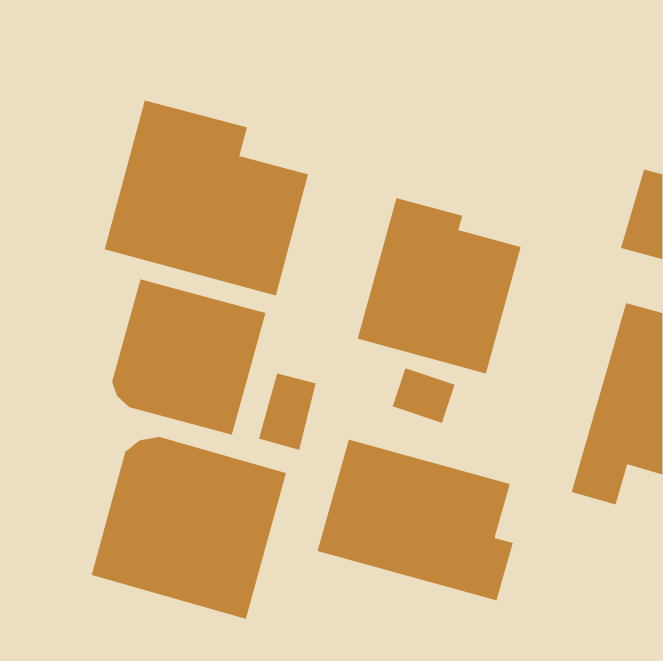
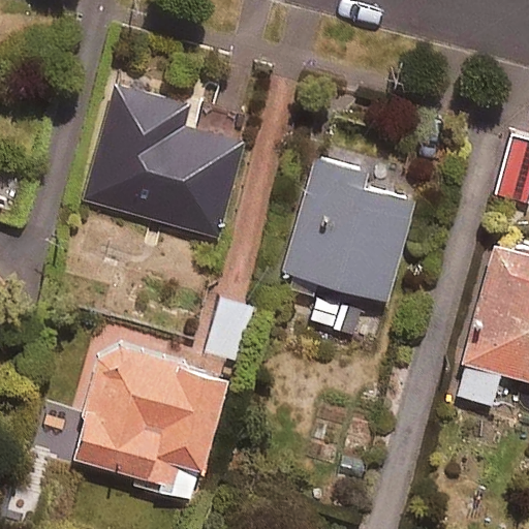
building: [111,278,266,435] -> none
building: [317,439,513,601] -> none

